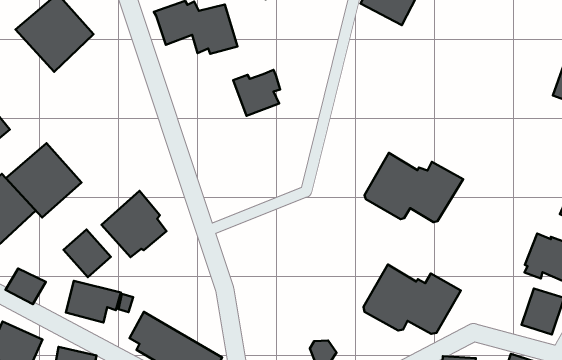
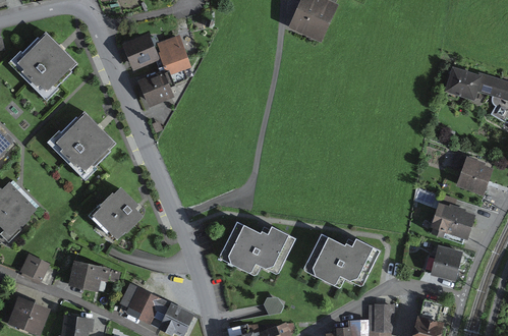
building: [233,70,280,116] -> [136,70,174,108]
building: [6,143,81,217] -> [54,113,114,172]
building: [365,153,463,222] -> [219,221,296,274]
building: [63,230,111,277] -> none

